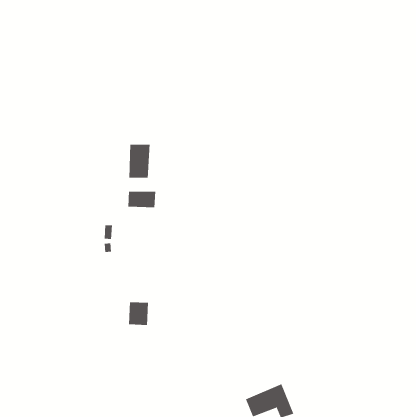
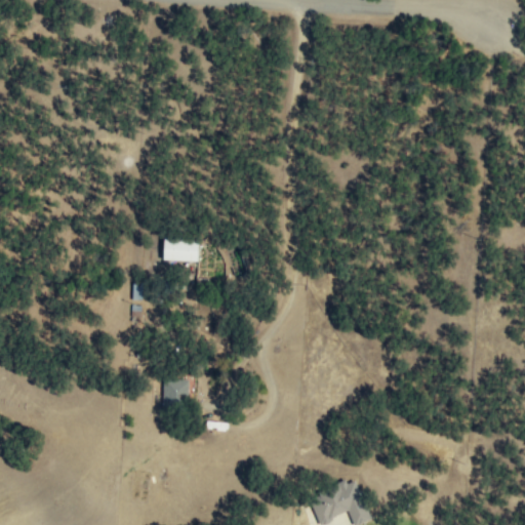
building: [129,144,150,179] -> none

